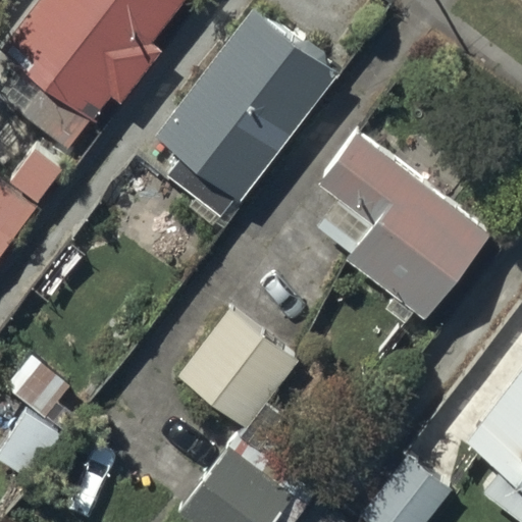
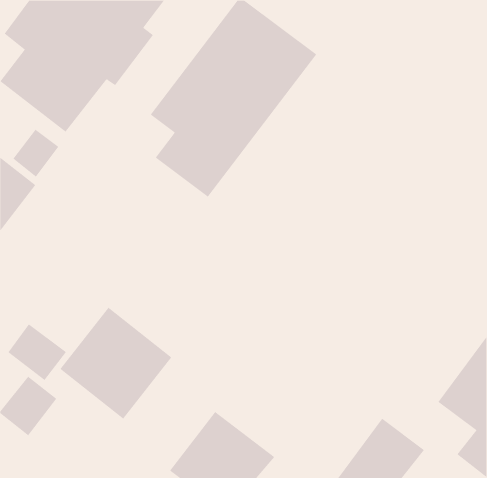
building: [317,130,491,318] -> none
building: [178,309,299,429] -> [59,307,172,420]

